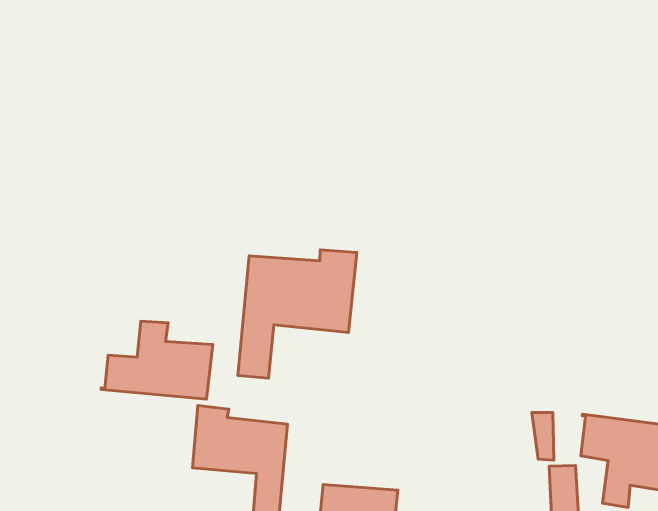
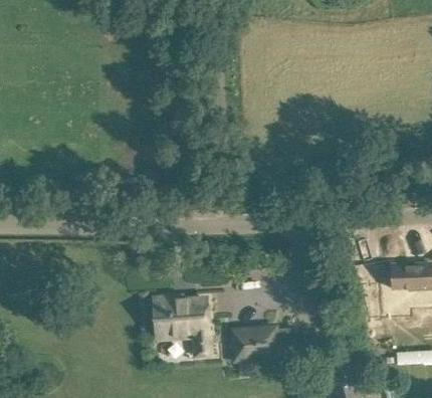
building: [238,250,357,378] -> none
building: [101,321,213,399] -> none

